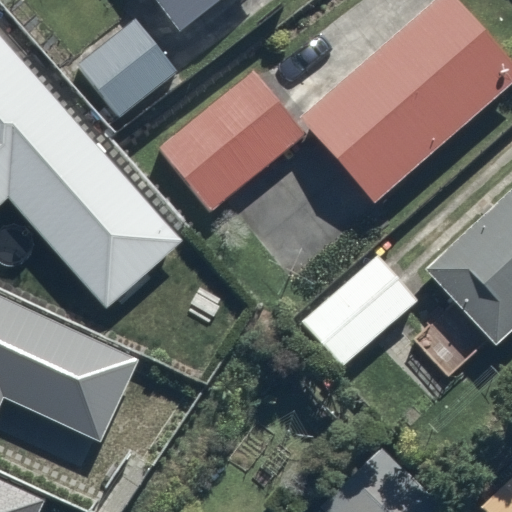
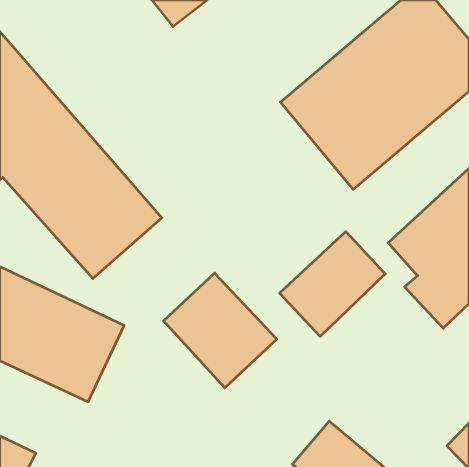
building: [80,15,185,119] -> none
building: [158,70,307,213] -> none
building: none -> [164,273,277,388]

